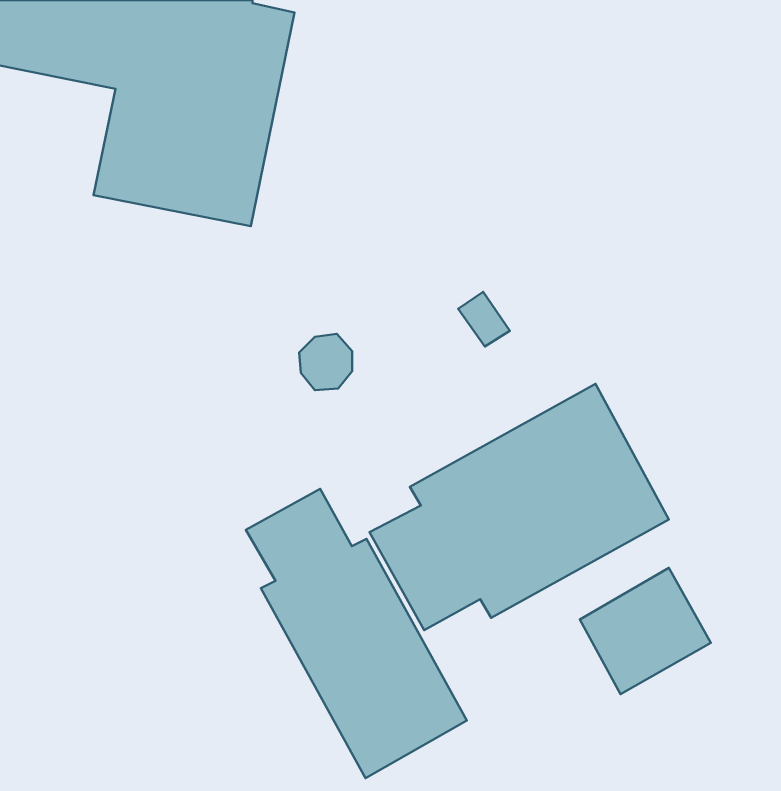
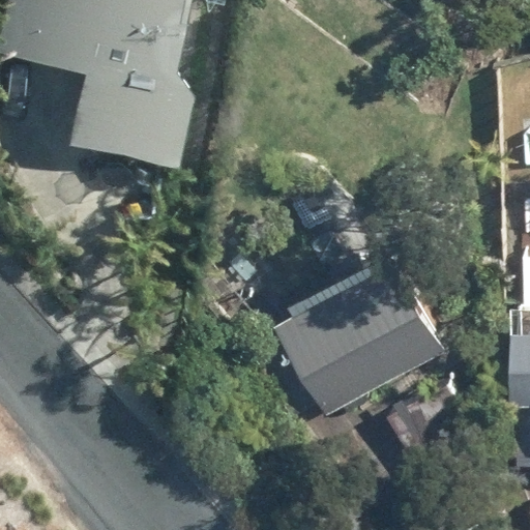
building: [246,489,467,778] -> none

